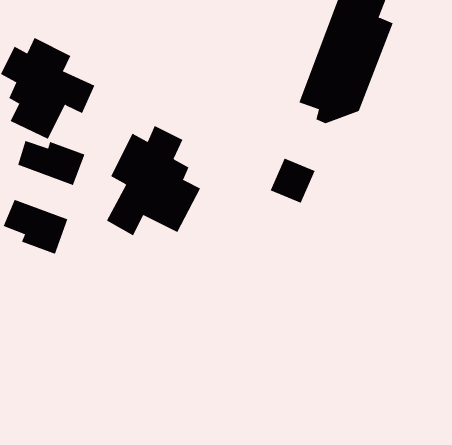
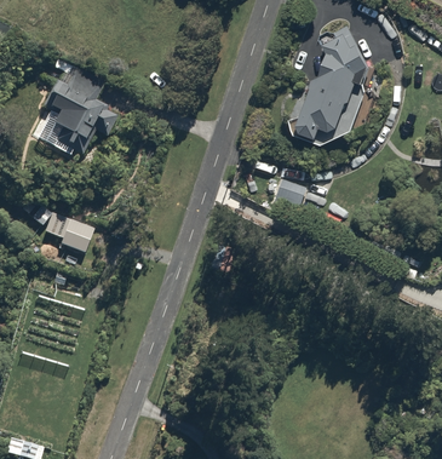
building: [106,125,201,236] -> none
building: [18,140,85,186] -> none

